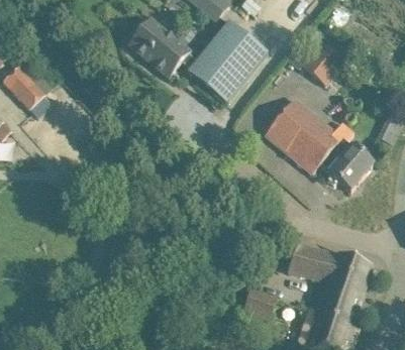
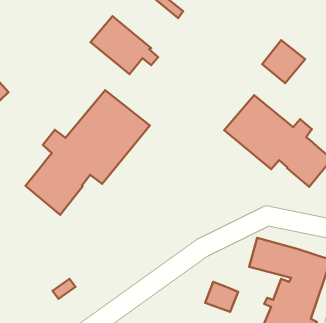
building: [187,20,267,103] -> none
building: none -> [26,90,150,215]

